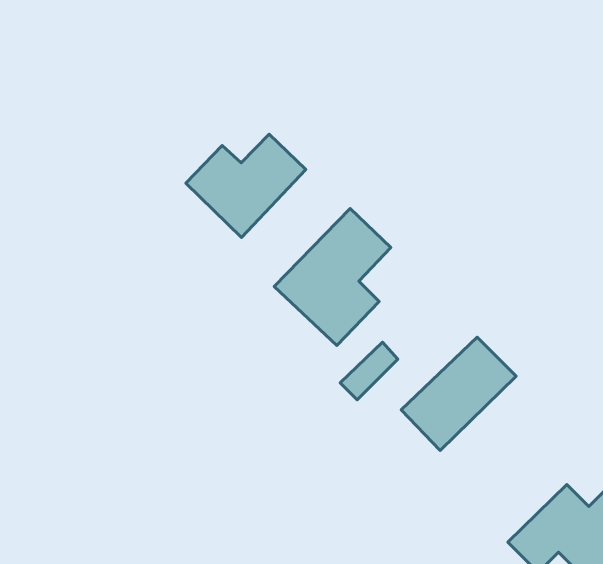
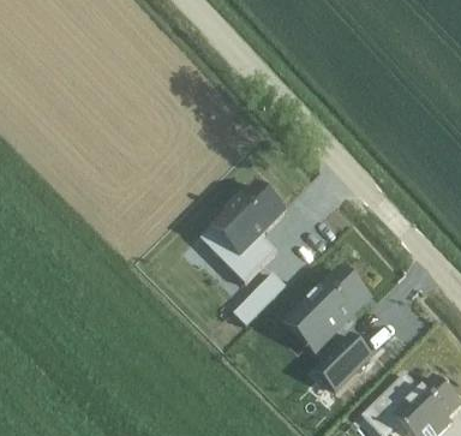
building: [186,134,306,237] -> none
building: none -> [312,336,369,392]

